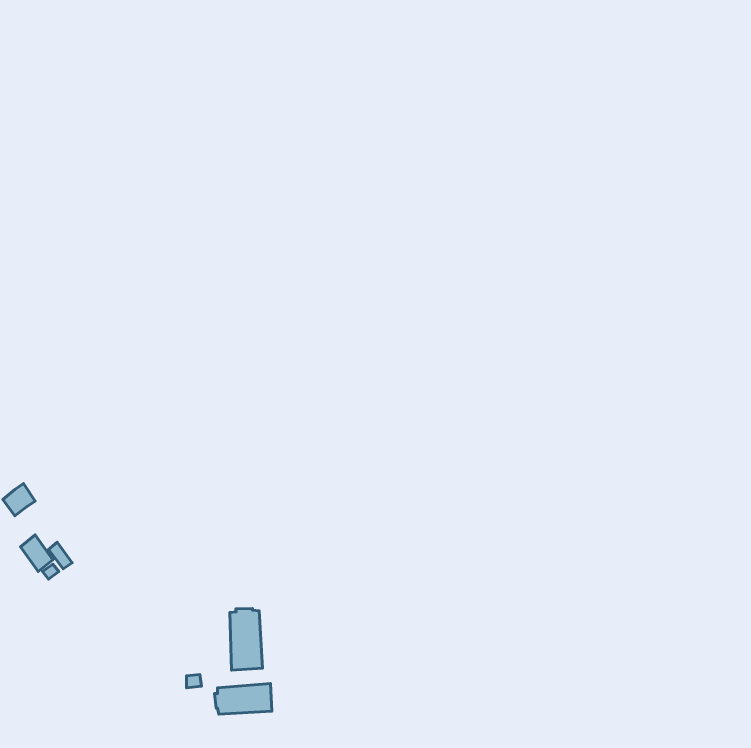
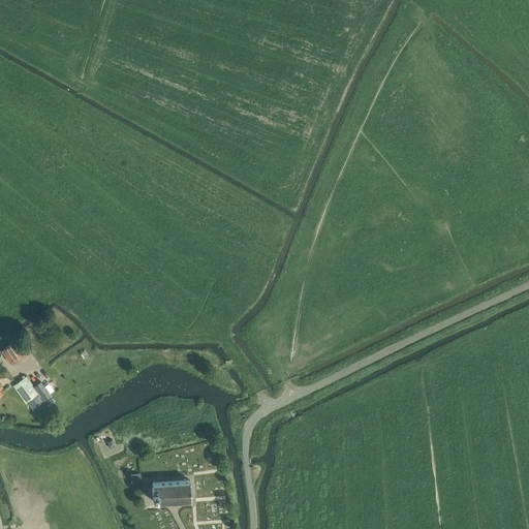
building: [230,608,262,670] -> none

